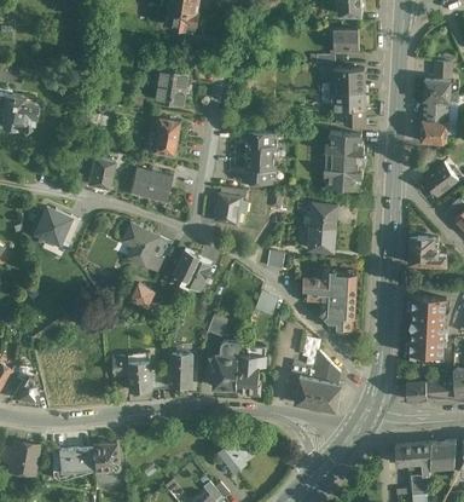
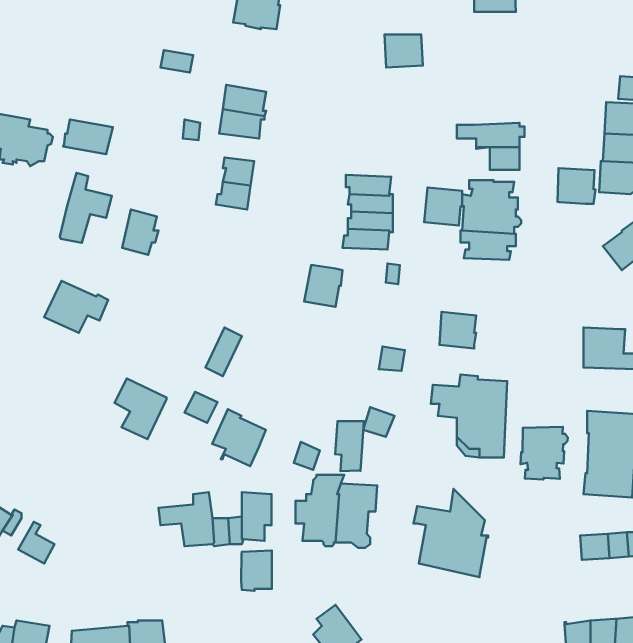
building: [331,33,358,56] -> [385,34,423,67]
building: [331,71,364,97] -> none
building: none -> [63,119,113,154]
building: none -> [558,168,595,204]
building: none -> [60,173,112,243]
building: [129,168,173,201] -> none
building: [309,203,336,230] -> [424,187,462,226]
building: [122,224,158,266] -> [115,378,167,439]
building: [173,249,210,289] -> [212,409,266,466]
building: none -> [335,421,364,471]
building: none -> [520,427,568,480]
building: none -> [241,551,272,591]

